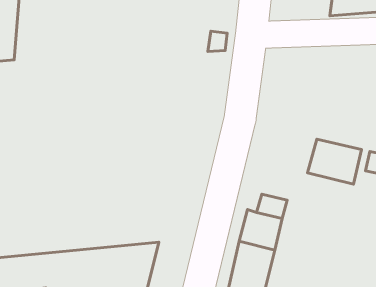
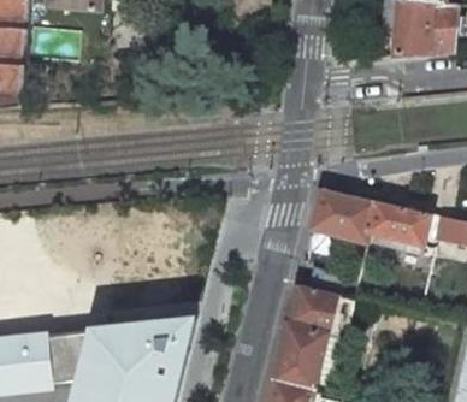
building: none -> [311,188,378,243]

